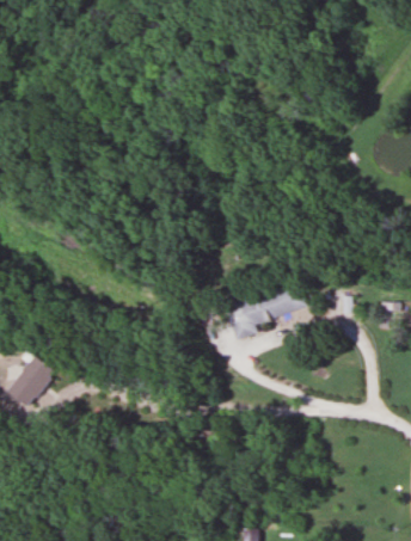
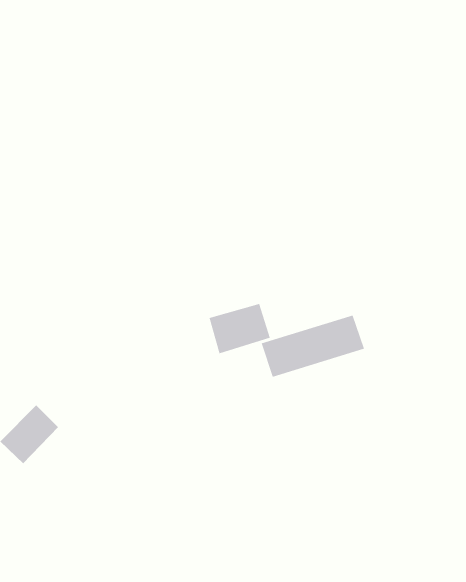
building: none -> [209,303,270,354]

